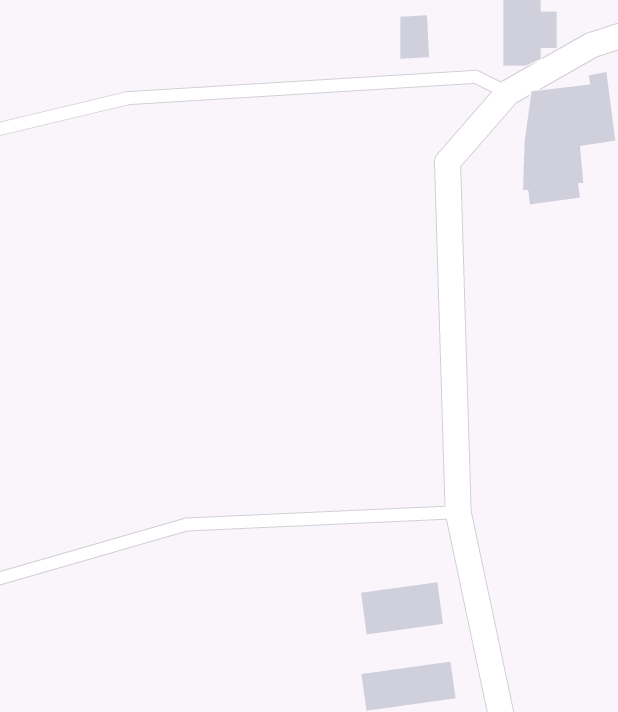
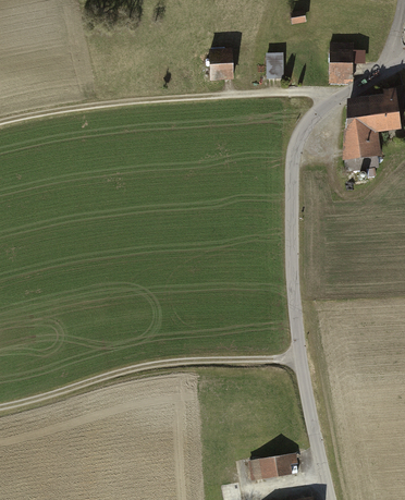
building: none -> [208,49,233,81]
building: [360,581,444,635] -> none

